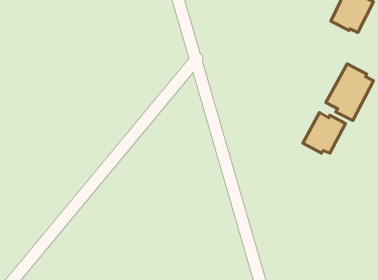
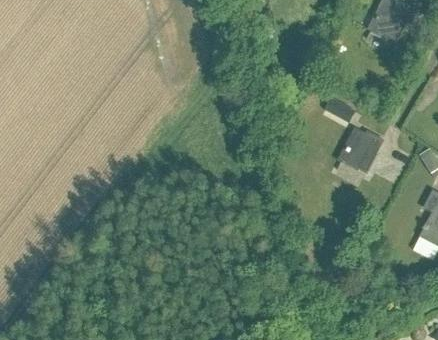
building: [326,64,373,120] -> none

